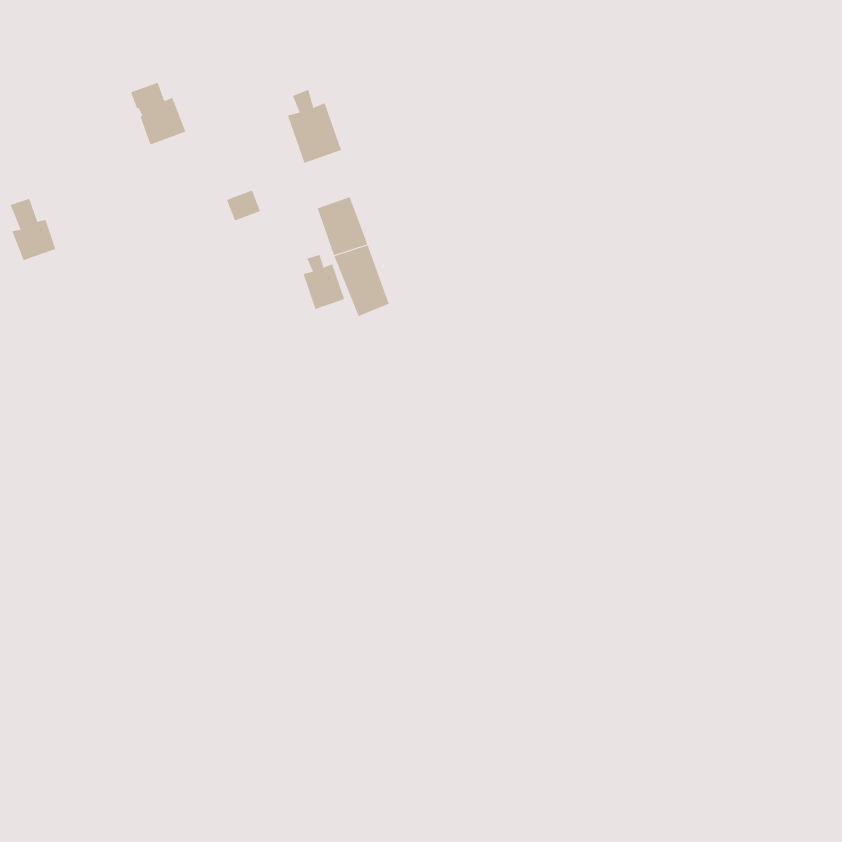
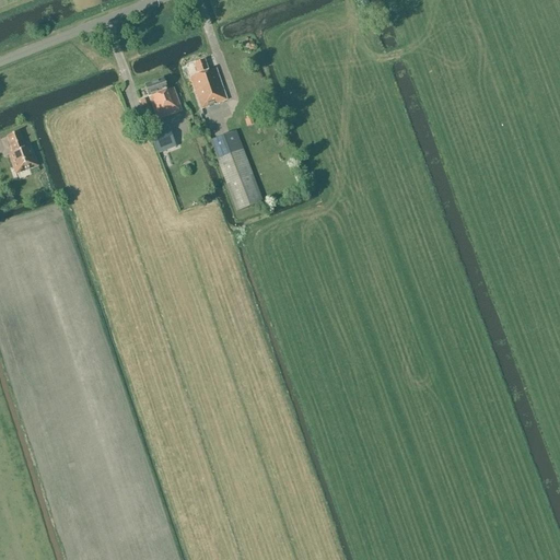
building: [130,82,186,145] -> [145,78,183,119]
building: [303,254,345,310] -> none

